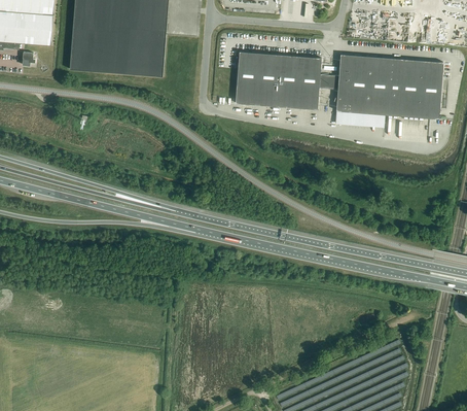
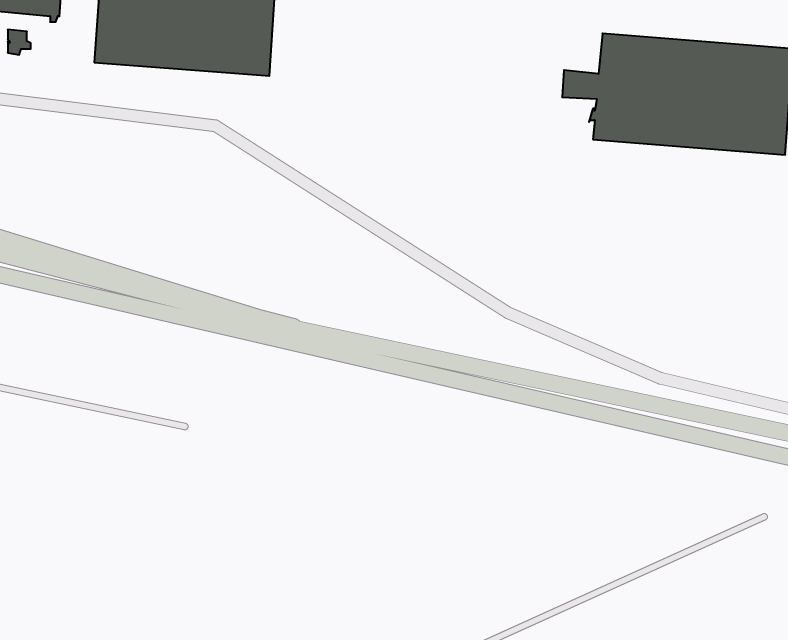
building: [235,50,321,109] -> none

